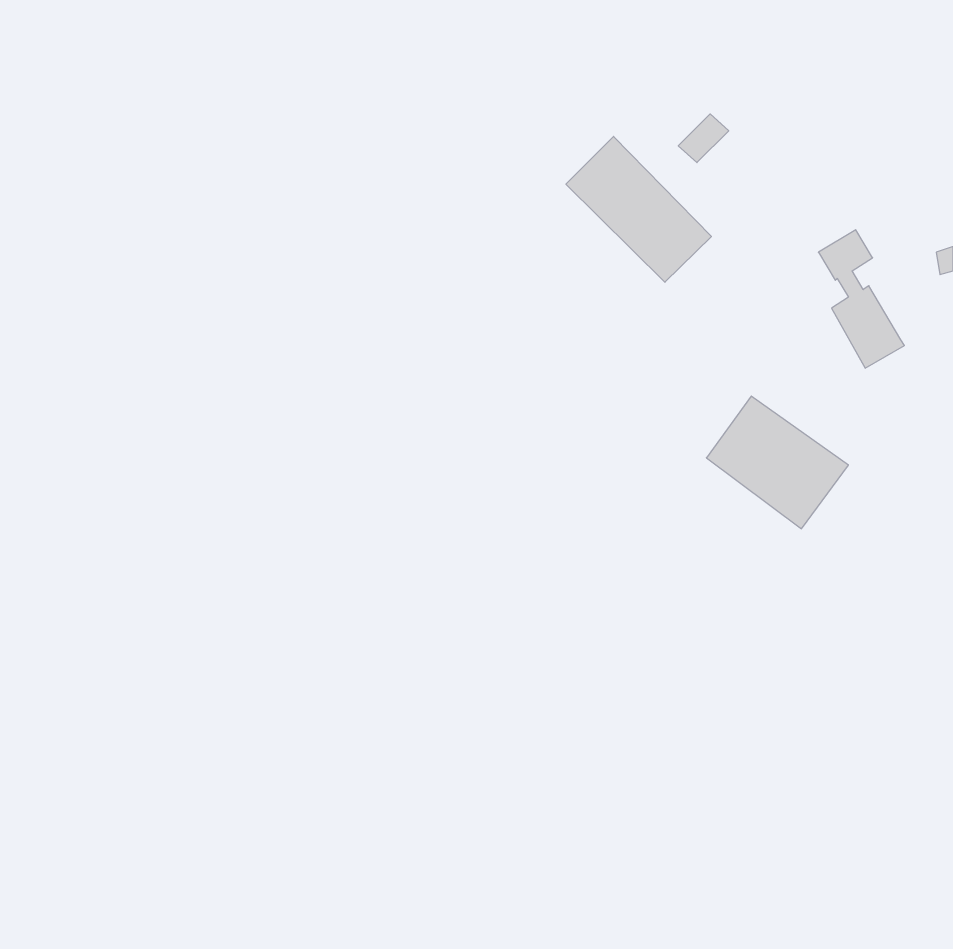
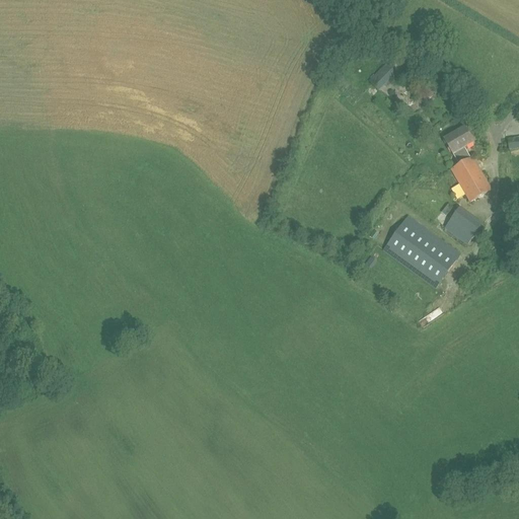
building: [566,136,711,282] -> none
building: none -> [444,205,483,242]

